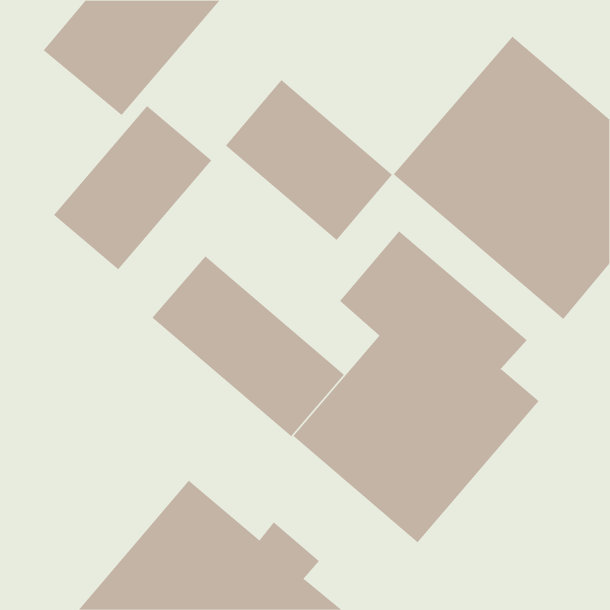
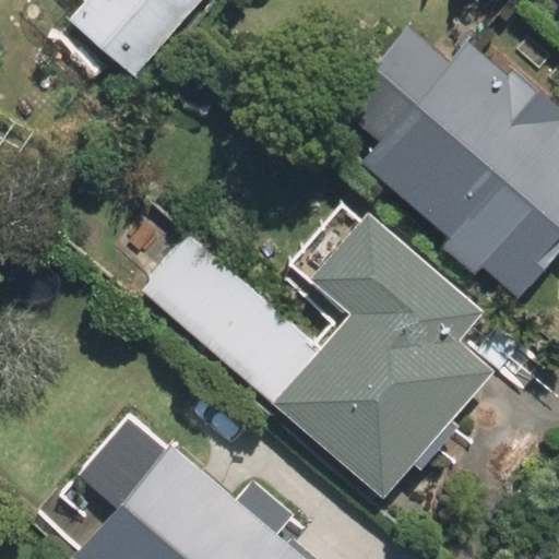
building: [225,79,393,241] -> none
building: [53,105,212,270] -> none

